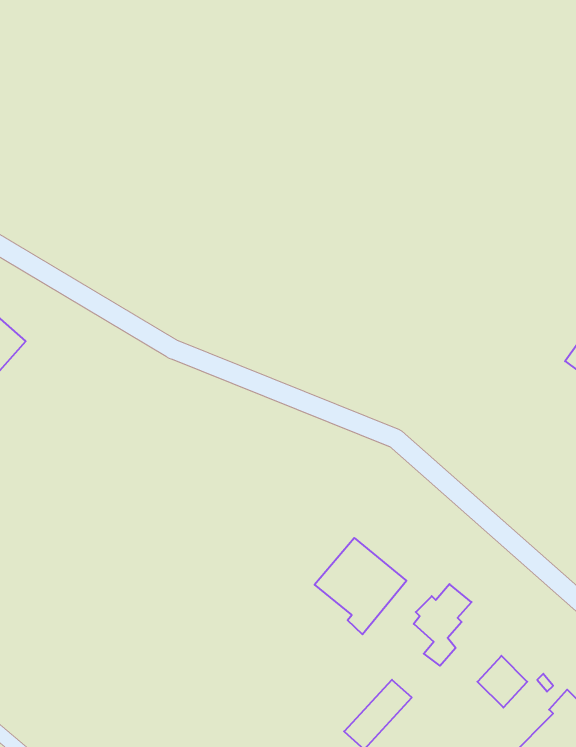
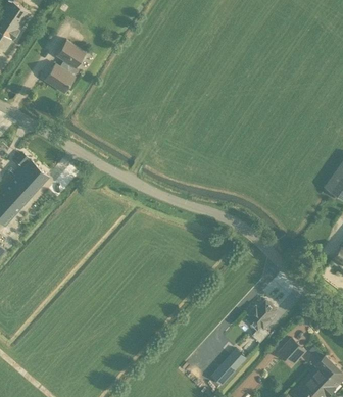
building: none -> [44,40,84,93]
building: [315,538,406,634] -> none

